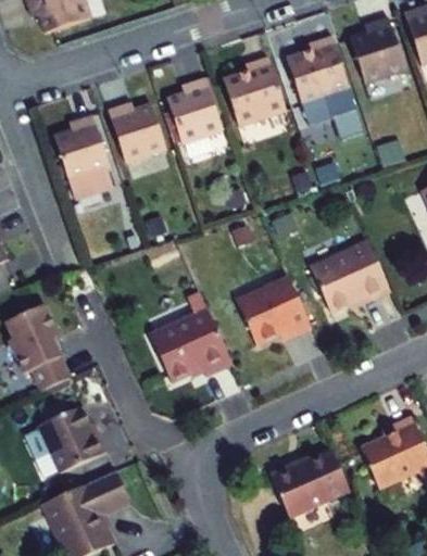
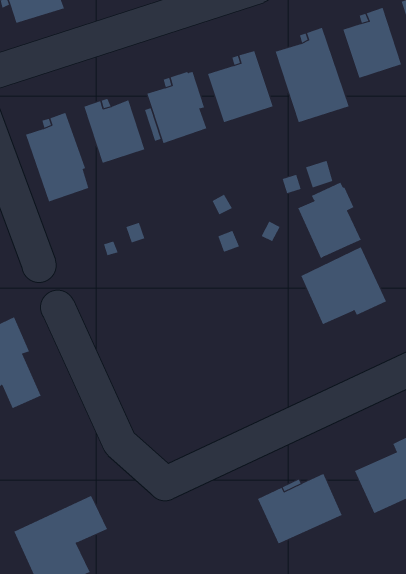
building: none -> [298,182,362,259]
building: [236,276,311,343] -> none
building: [150,291,231,380] -> none
building: [38,405,106,471] -> none

